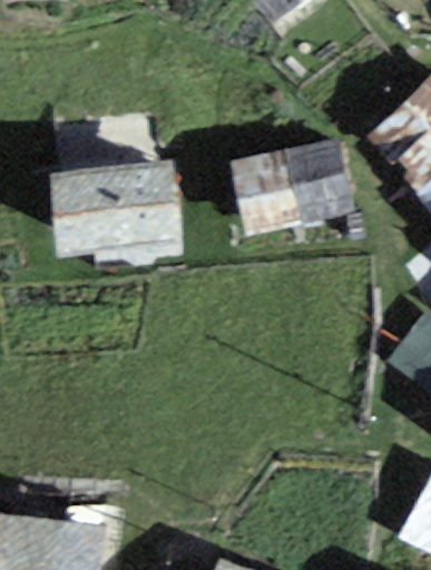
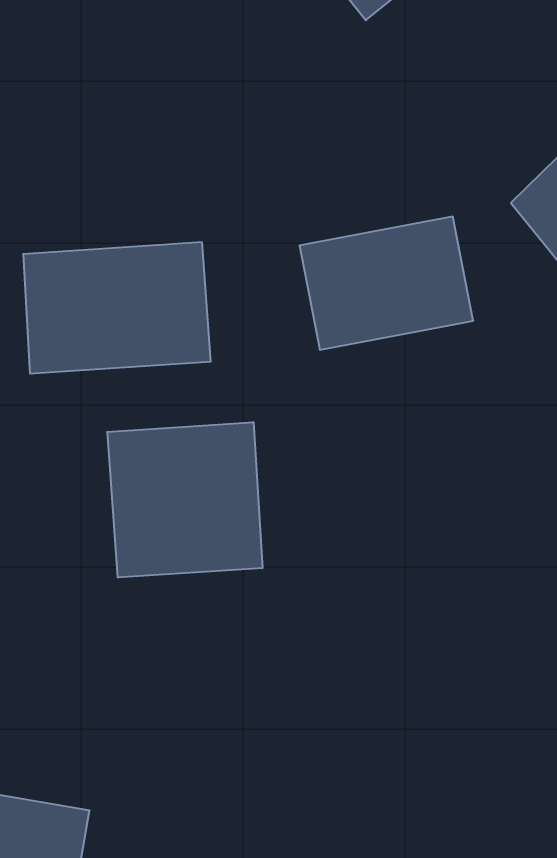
building: none -> [107,422,262,578]

